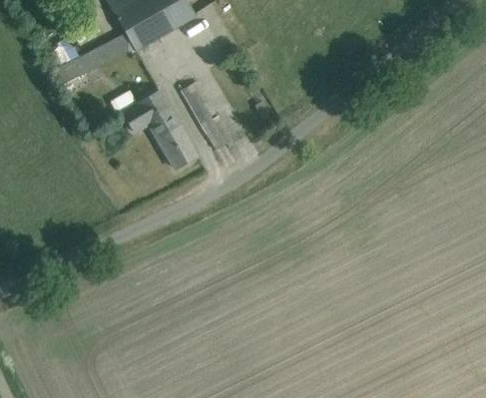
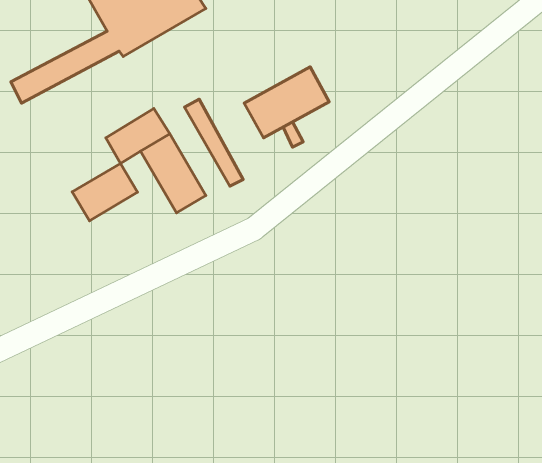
building: none -> [244,67,329,138]
building: none -> [72,163,137,221]

